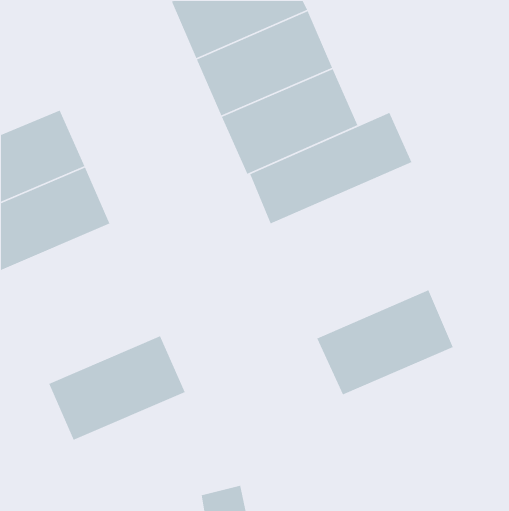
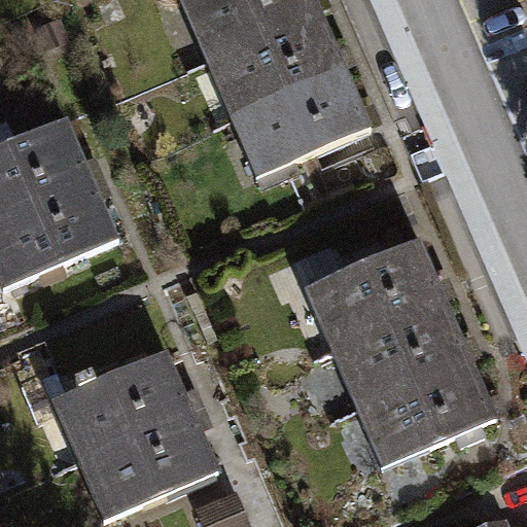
building: [249,112,412,225] -> none
building: none -> [303,240,444,349]
building: none -> [355,358,495,467]
building: none -> [79,405,219,513]

